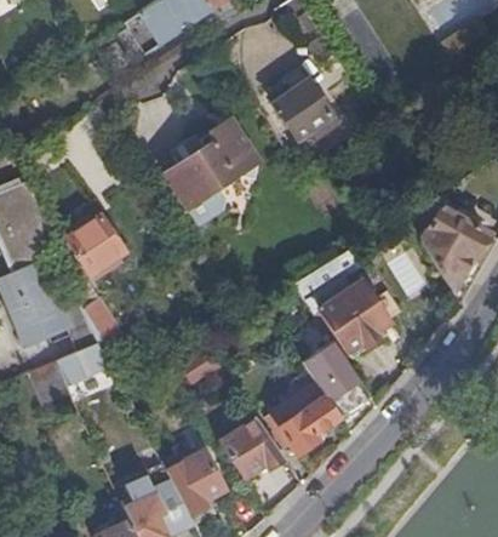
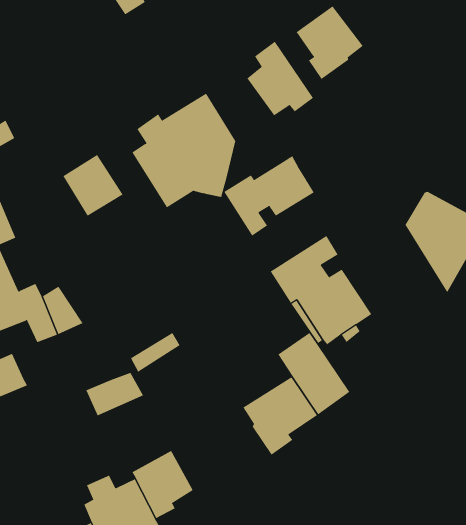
building: none -> [296,5,364,80]
building: none -> [224,156,314,236]
building: [68,216,125,274] -> [63,154,123,216]
building: [55,344,109,385] -> [86,372,144,416]
building: [222,418,285,479] -> none

